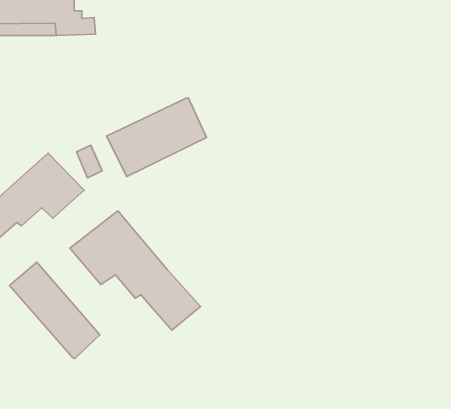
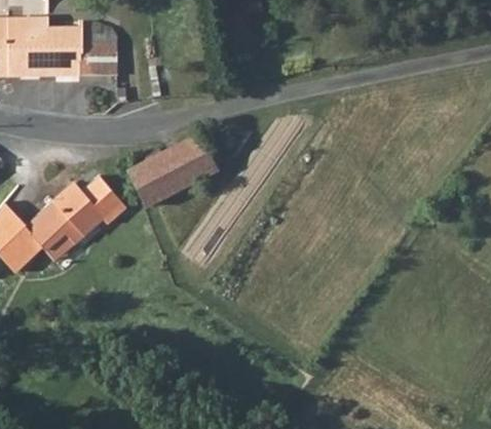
building: [70,211,200,330] -> none
building: [9,262,100,358] -> none

